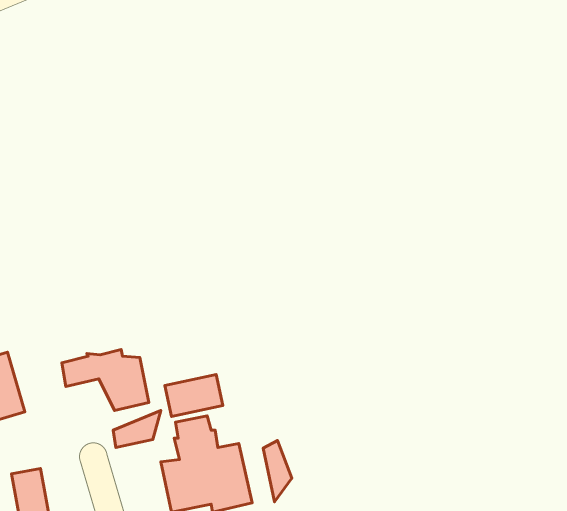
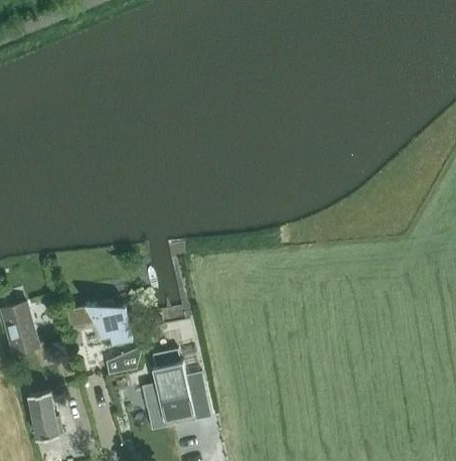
building: [165,375,223,416] -> none
building: [263,441,292,502] -> none

